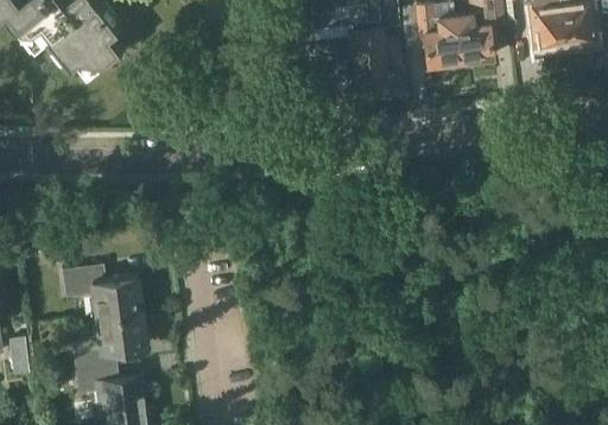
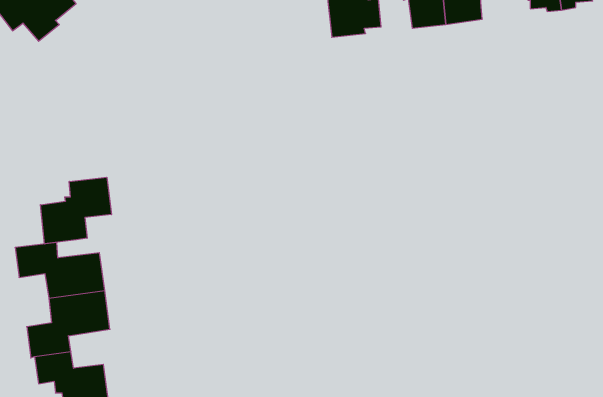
building: none -> [40,177,111,244]

